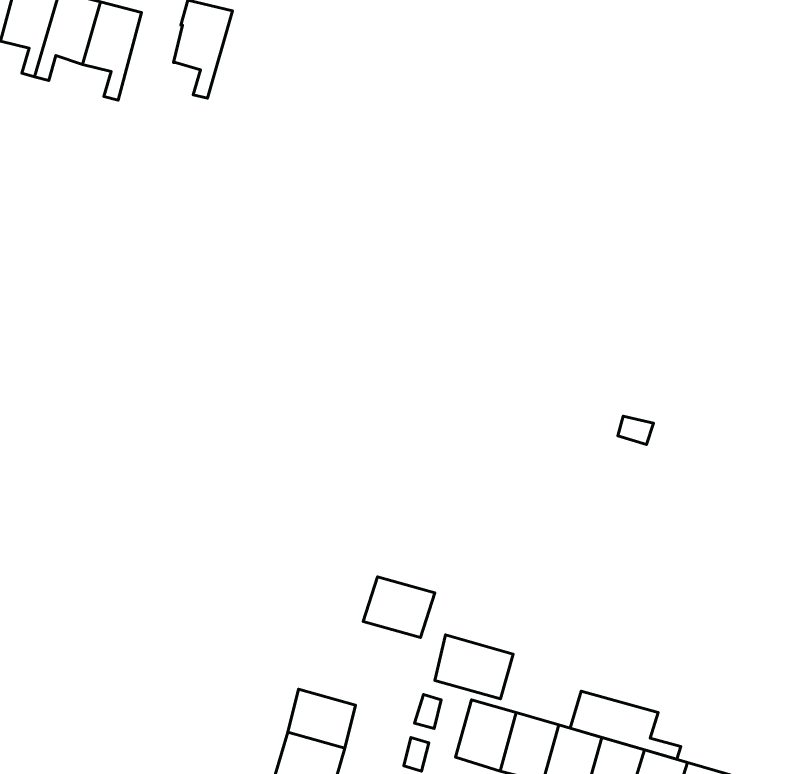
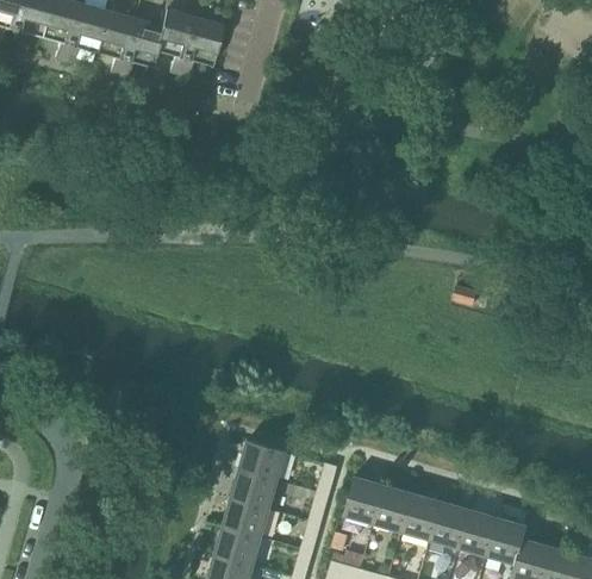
building: none -> [177,15,223,76]
building: none -> [118,17,161,77]
building: [363,577,435,638] -> [238,438,286,479]
building: [435,635,513,699] -> none
building: [570,691,681,759] -> none

